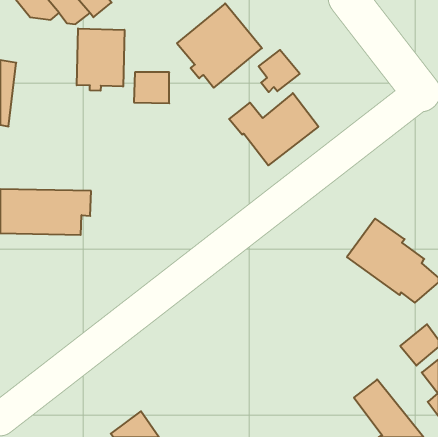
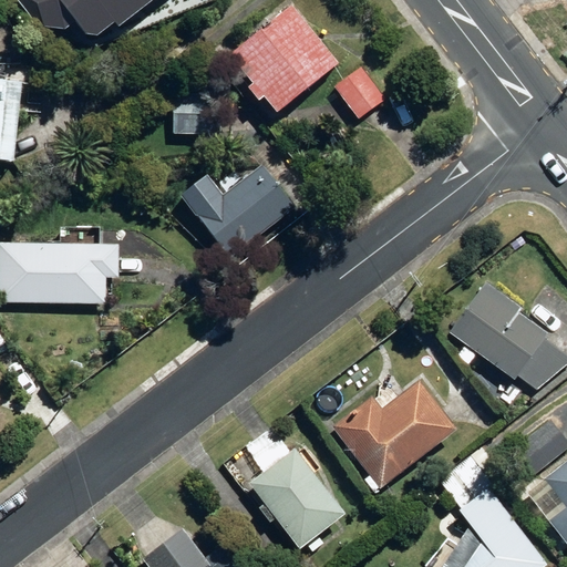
building: [77,28,124,91] -> none
building: [229,93,318,165] -> [179,164,295,257]
building: none -> [332,380,456,487]
building: none -> [249,450,346,550]

